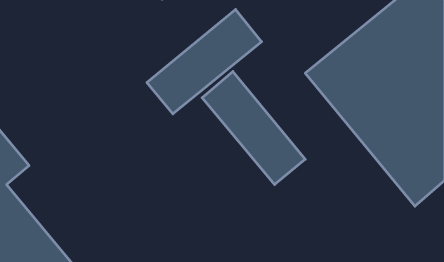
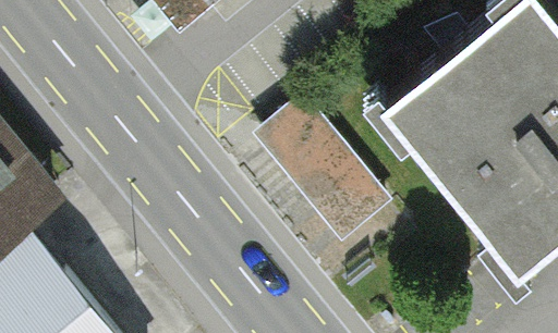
building: [147,9,262,114] -> none

